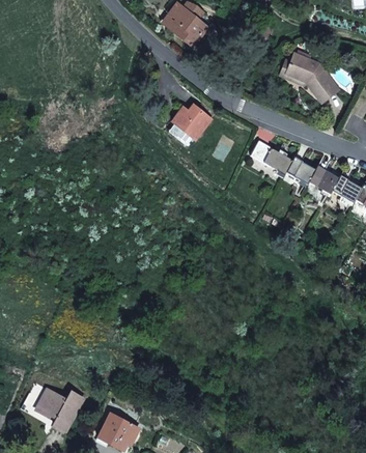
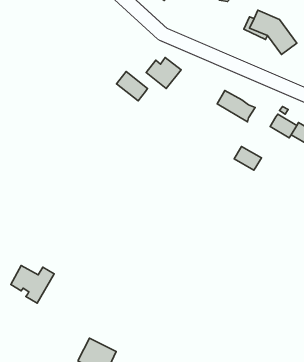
building: none -> [117,72,148,101]
building: [284,158,314,183] -> [234,146,261,170]
building: [36,389,84,430] -> [11,265,54,303]

